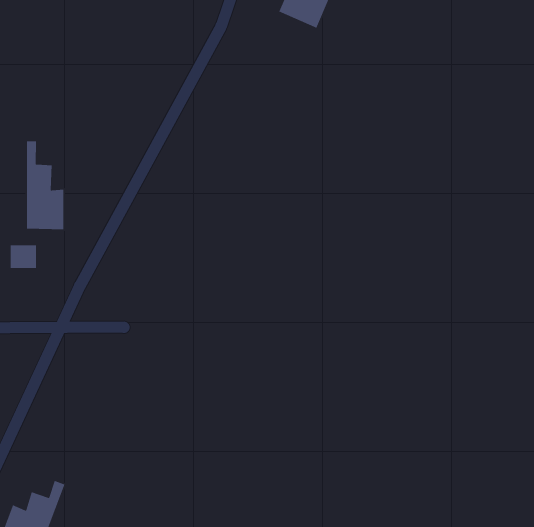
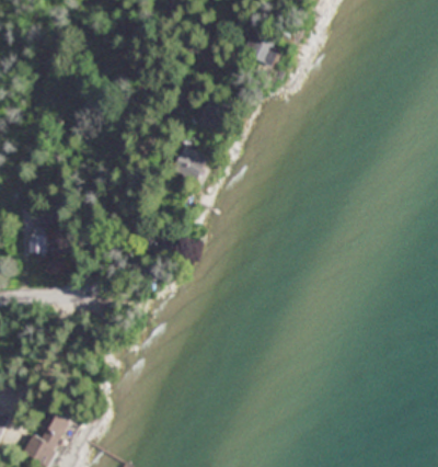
building: none -> [168,146,200,180]
building: [26,140,64,230] -> none

